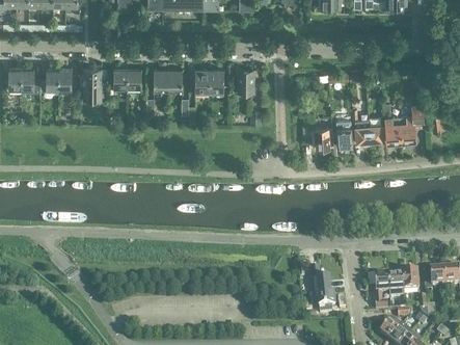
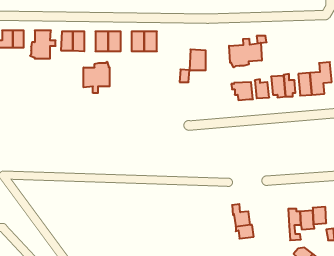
building: [236,70,254,94] -> [190,49,206,70]
building: none -> [229,39,262,67]
building: none -> [84,62,110,93]

